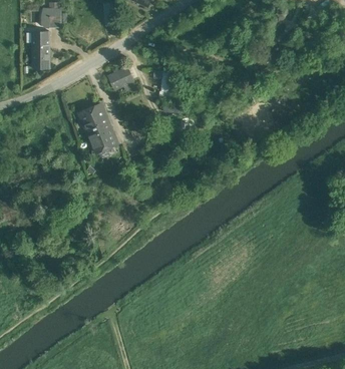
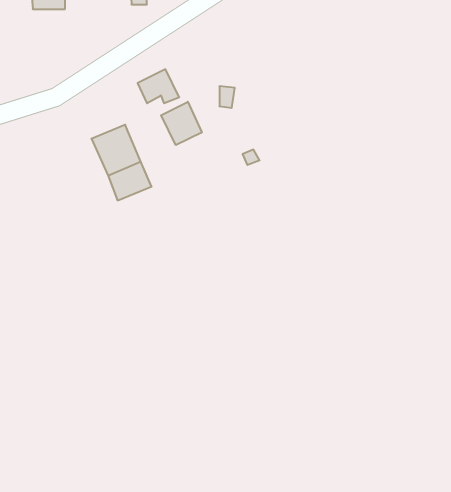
building: [32,32,49,68] -> none
building: none -> [161,102,202,145]

